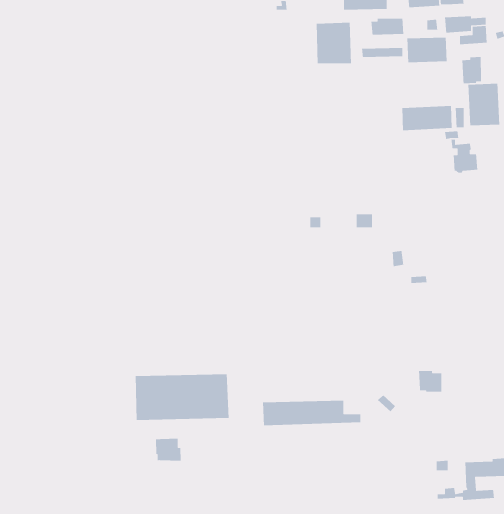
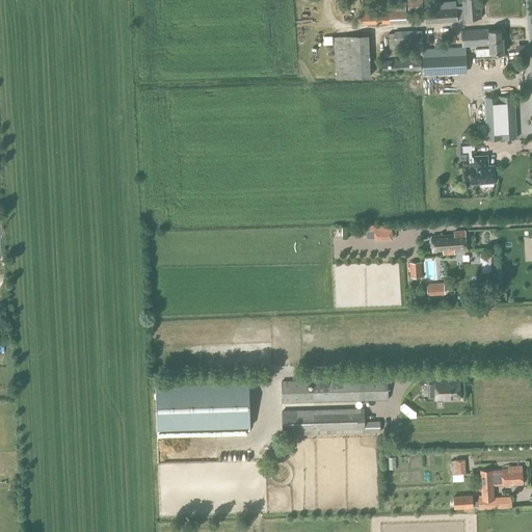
building: [462,56,482,84] -> none
building: [401,105,452,131] -> none
building: none -> [430,231,466,255]
building: none -> [282,378,388,402]
building: [155,438,181,461] -> none

